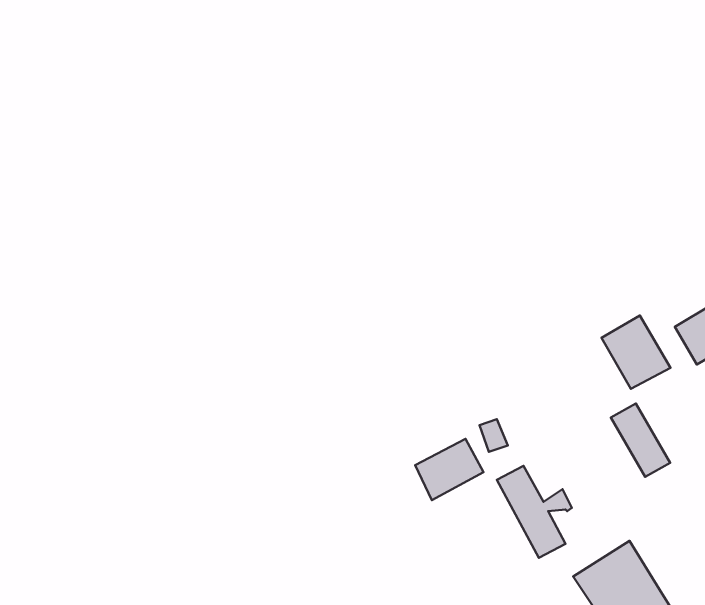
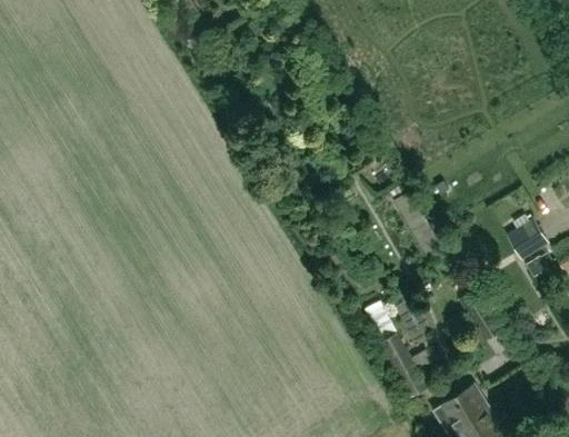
building: [602,316,671,389] -> none
building: [415,439,483,500] -> none

